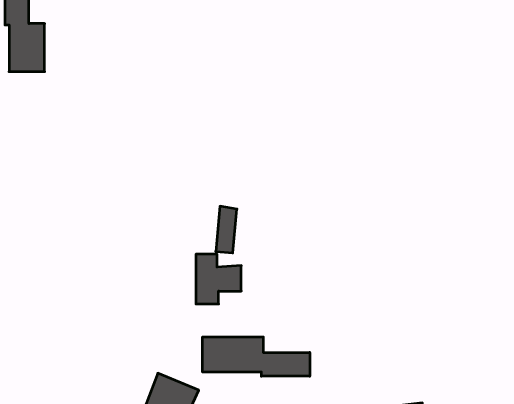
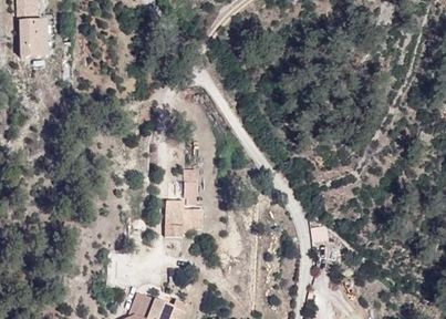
building: [203,337,310,376] -> none

